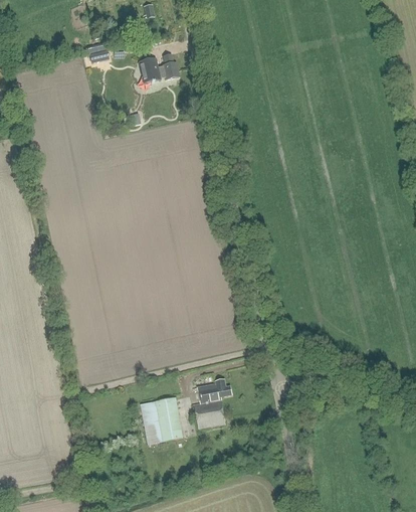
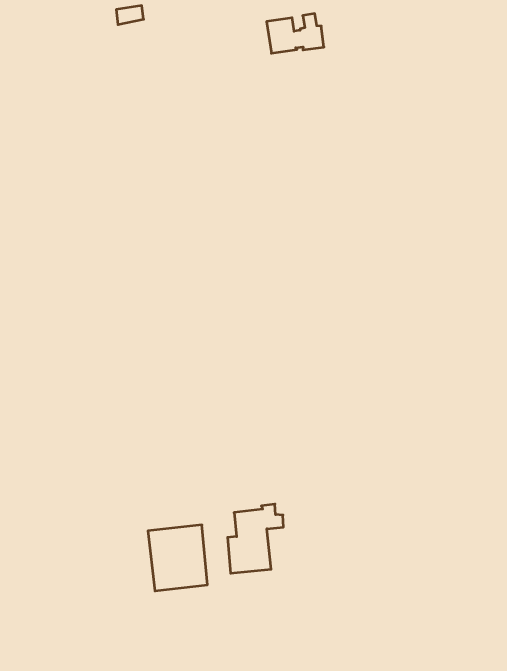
building: [139,53,179,82] -> [267,14,324,53]

